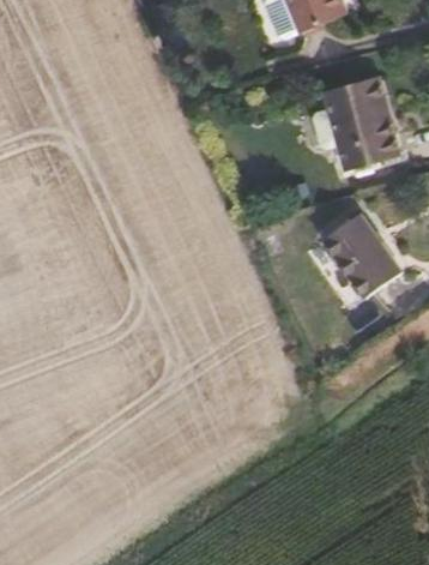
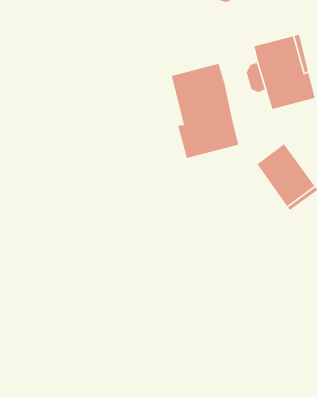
building: none -> [171,63,239,159]

